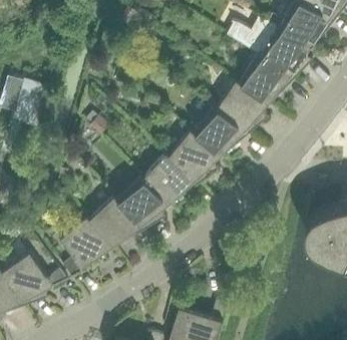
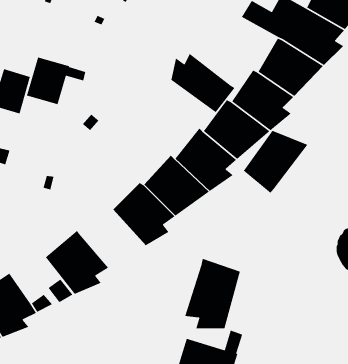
building: none -> [170,53,235,113]
building: none -> [25,56,86,105]
building: none -> [243,130,308,194]
building: [86,197,142,248] -> none
building: none -> [184,258,241,329]

